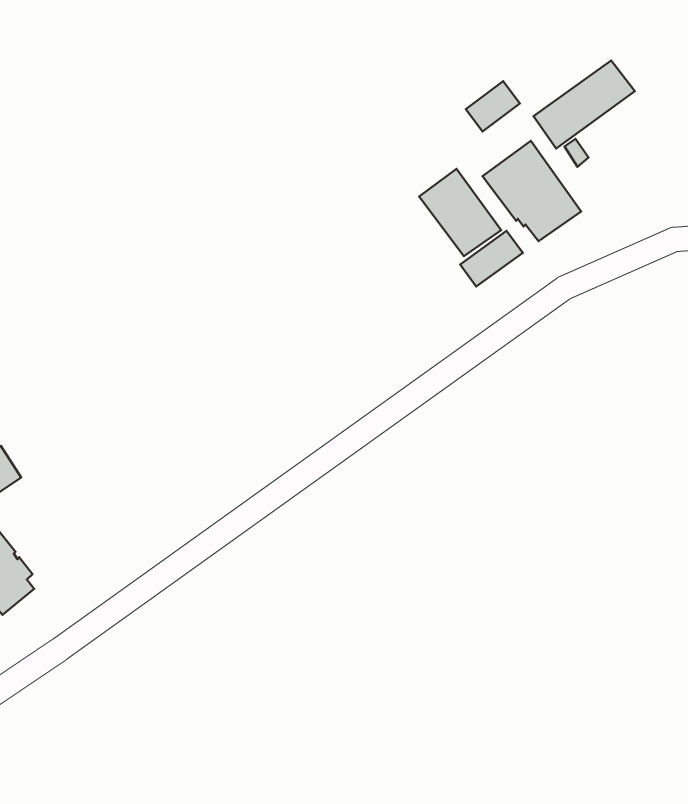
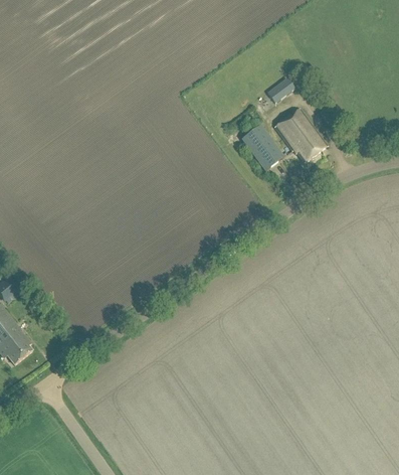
building: [534,61,635,149] -> none
building: [460,231,523,287] -> none

